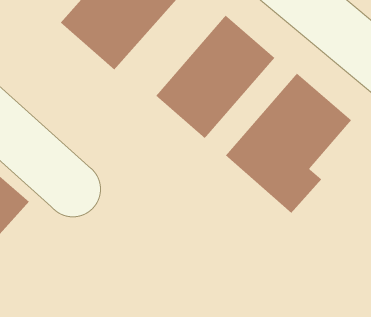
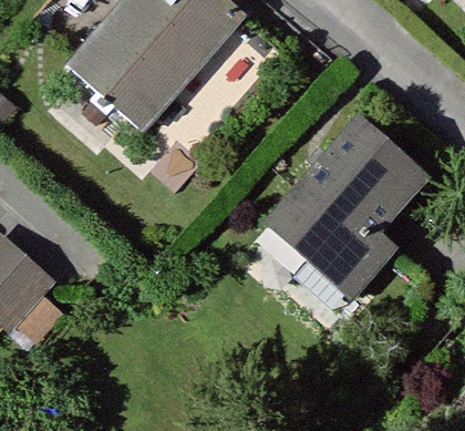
building: [155,14,276,139] -> none

